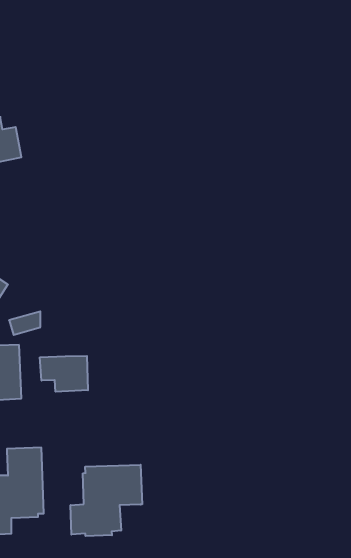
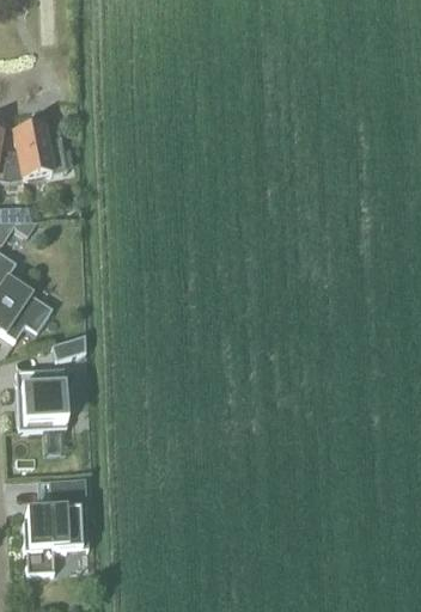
building: [40,356,88,392] -> none
building: [71,465,142,536] -> none

